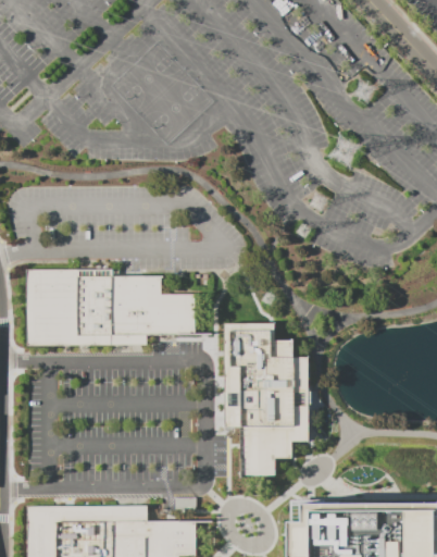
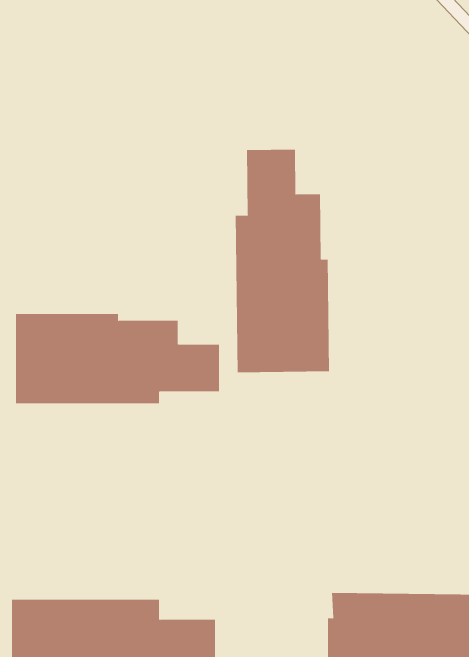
building: none -> [235,149,330,373]
building: [224,323,309,475] -> none

